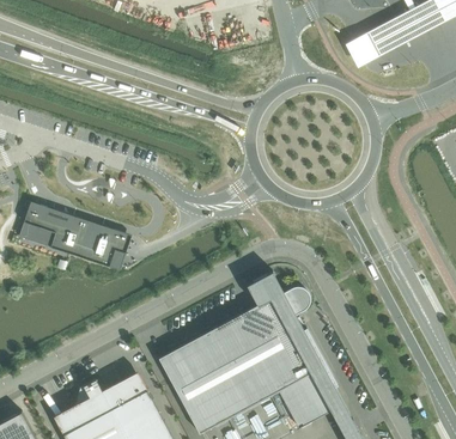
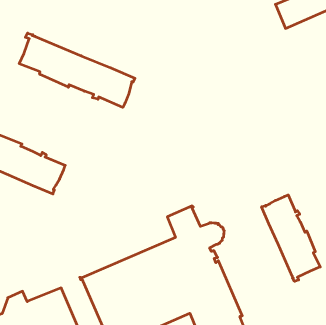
building: none -> [19,33,135,107]
building: none -> [262,195,320,281]

